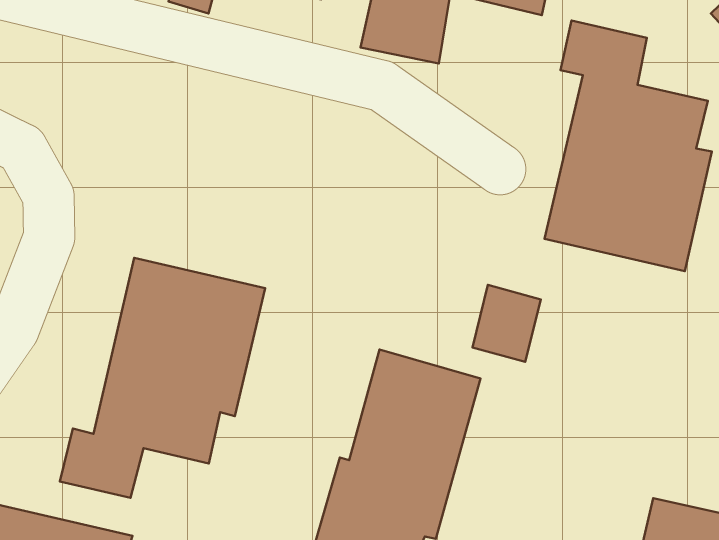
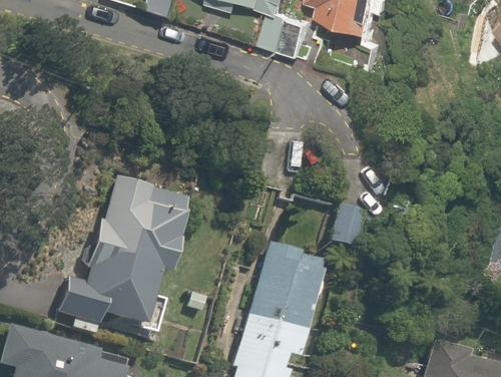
building: [544,21,712,271] -> none

